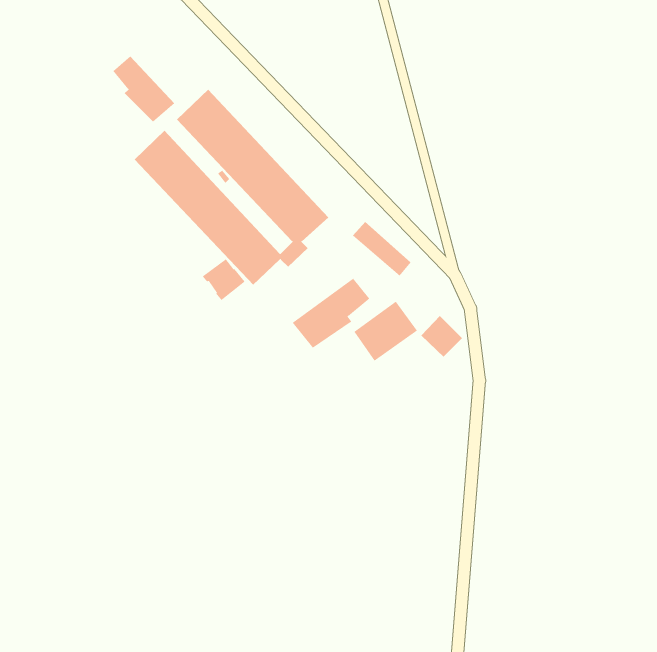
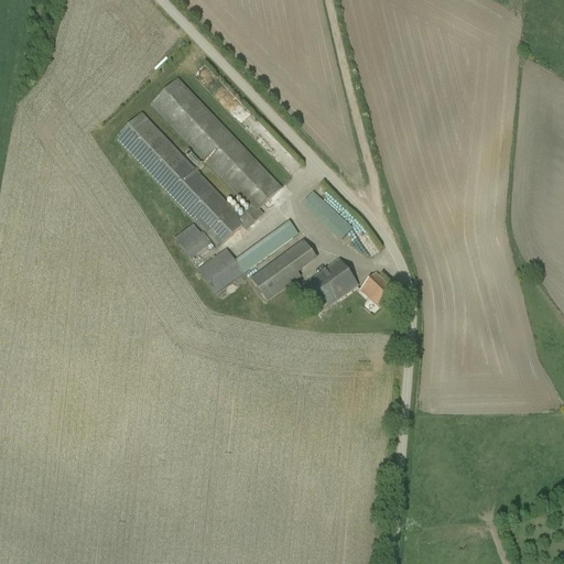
building: [112,56,175,122] -> none
building: none -> [198,218,299,292]

